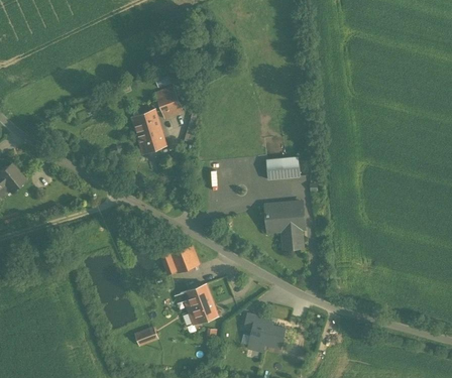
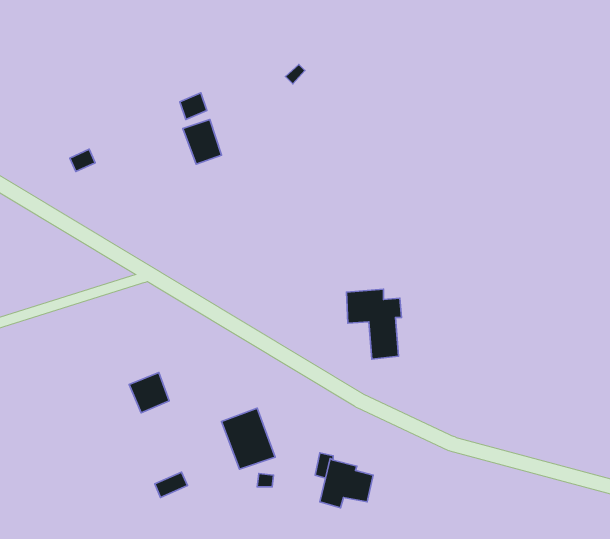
building: [133,110,165,152] -> none
building: [266,157,301,180] -> none
building: [171,246,198,273] -> [129,373,169,413]

